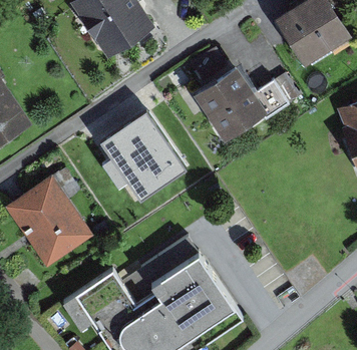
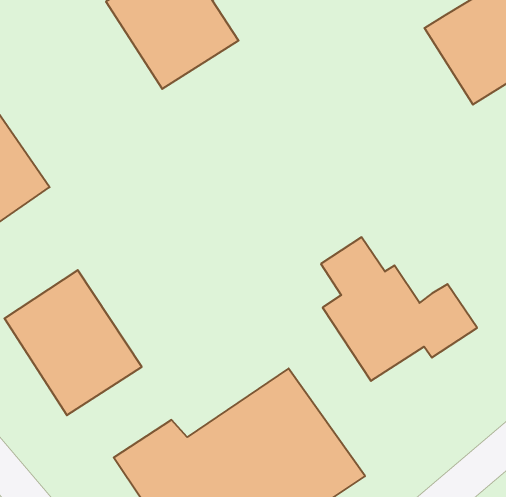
building: [192,48,292,140] -> [321,237,477,381]
building: [102,100,175,193] -> none

